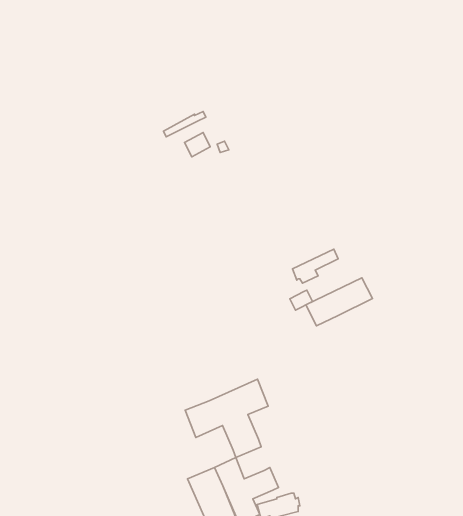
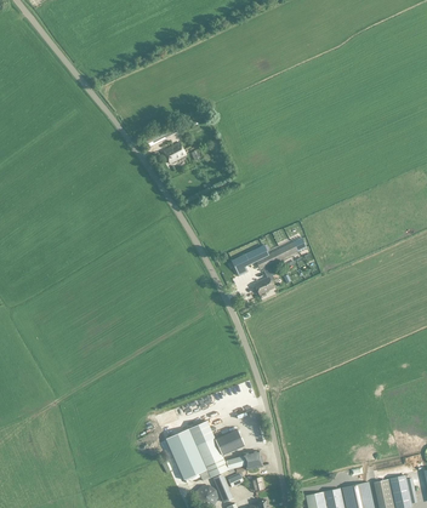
building: [306,278,372,326] -> none
building: [185,379,268,458] -> none

